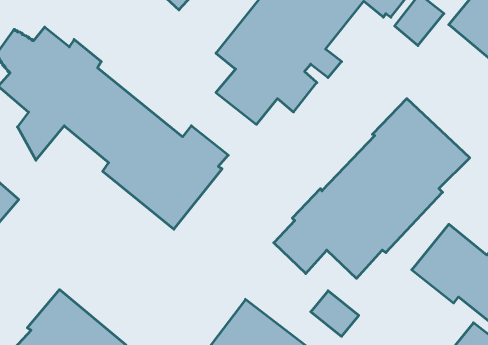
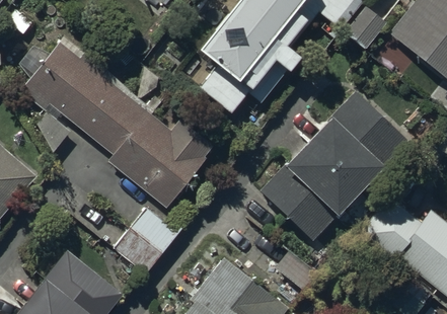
building: none -> [111,207,178,273]

